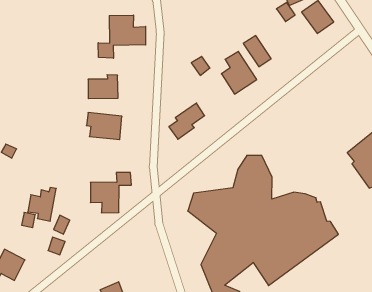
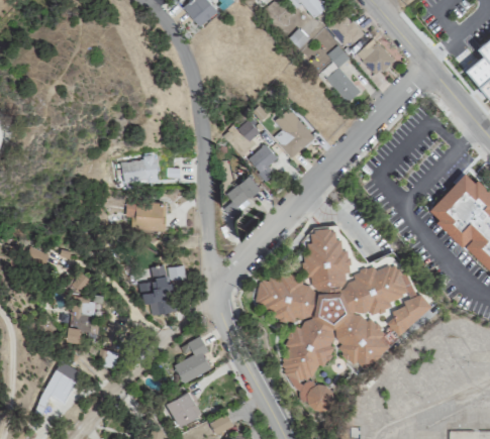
building: [98,15,146,58] -> none
building: [243,36,271,67] -> [326,69,361,104]
building: none -> [249,145,279,183]
building: none -> [175,337,212,385]

